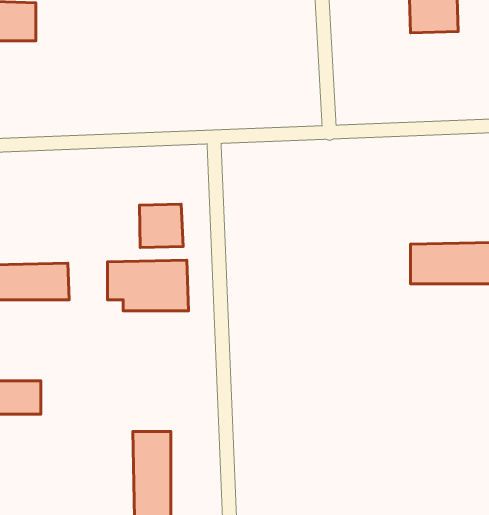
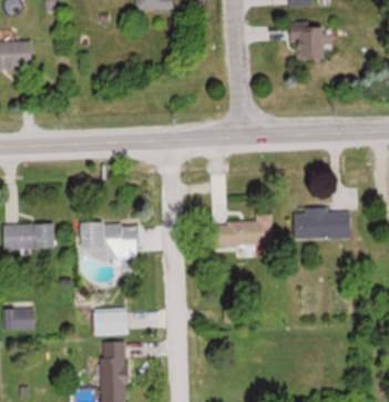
building: [139,204,183,247] -> none
building: none -> [209,213,273,248]
building: none -> [95,312,130,334]

